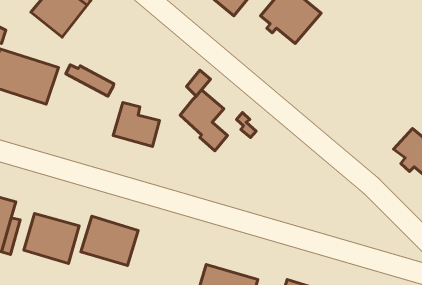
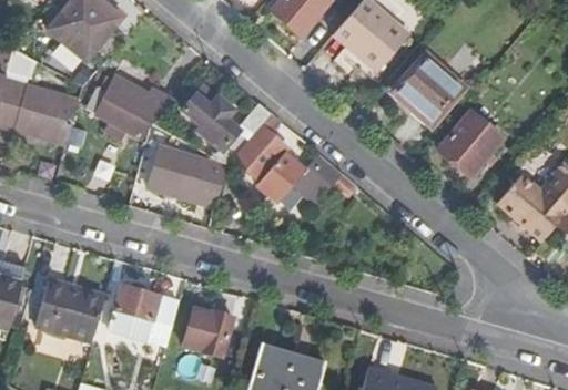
building: none -> [398,59,453,121]
building: none -> [97,76,175,125]
building: none -> [189,99,248,164]
building: none -> [437,109,501,173]
building: none -> [184,308,235,357]

